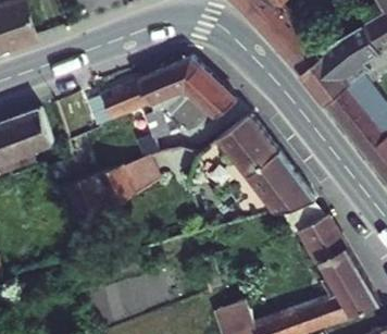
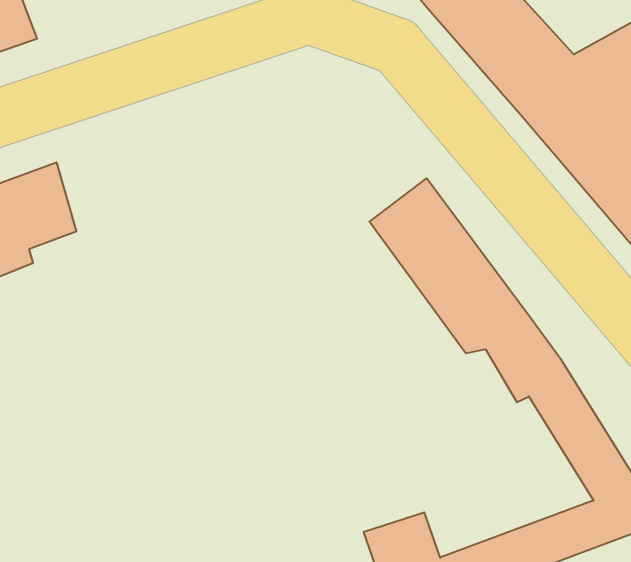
building: [87,57,237,138] -> none
building: [71,158,166,228] -> none

